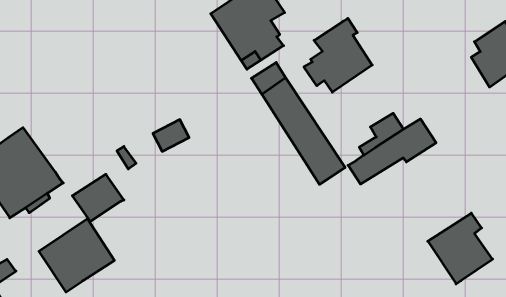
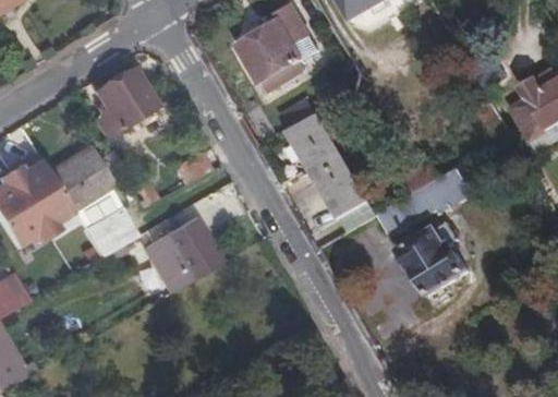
building: [304,18,372,92] -> none
building: none -> [94,65,156,128]
building: none -> [47,145,111,208]
building: [428,213,493,284] -> [400,221,468,296]
building: [39,219,114,292] -> [142,215,221,291]

